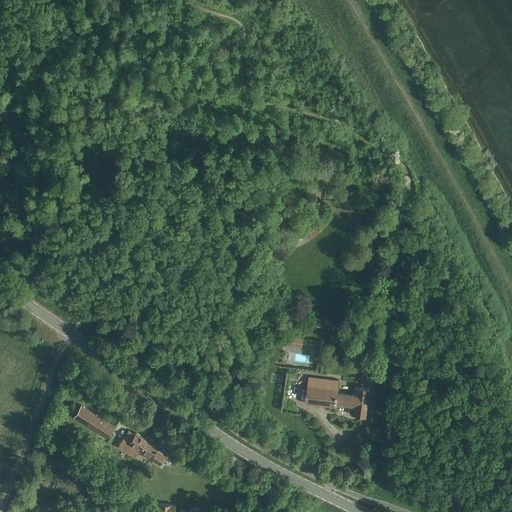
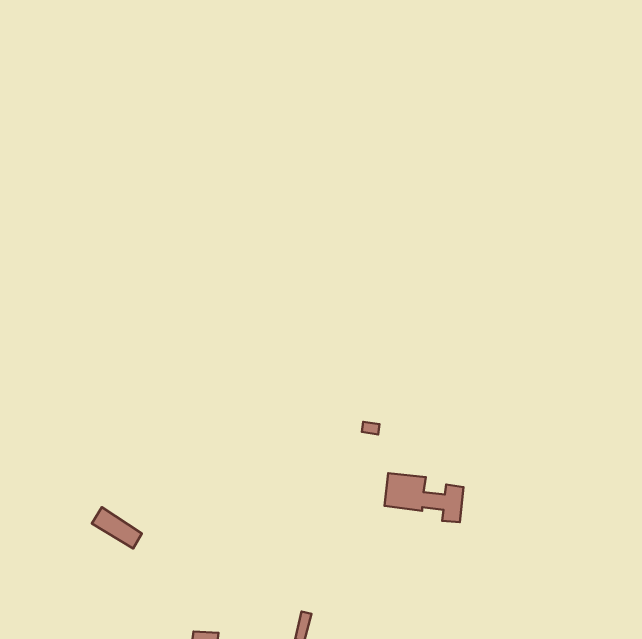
building: [118,432,158,461] -> none

